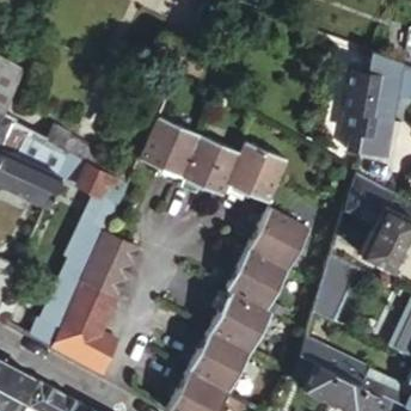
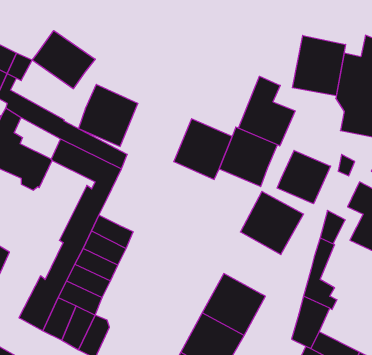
building: none -> [32,31,95,89]
building: none -> [292,35,346,96]
building: none -> [239,76,295,146]
building: [140,116,200,178] -> [78,84,138,146]
building: none -> [277,150,331,204]
building: [227,249,289,311] -> none

